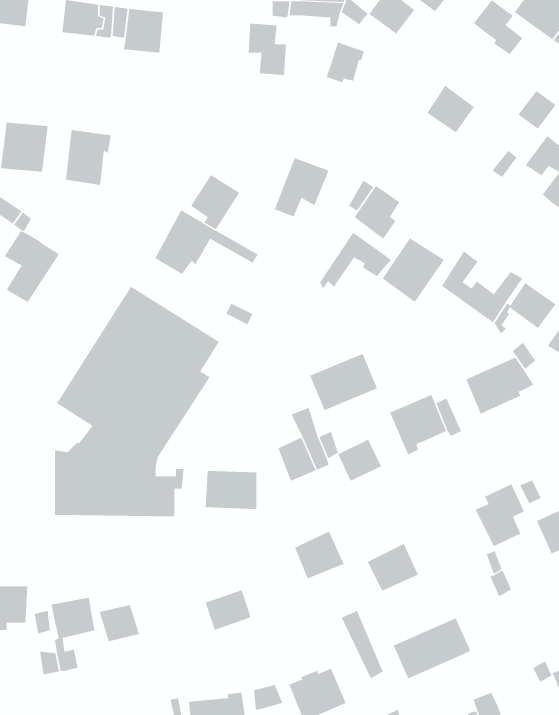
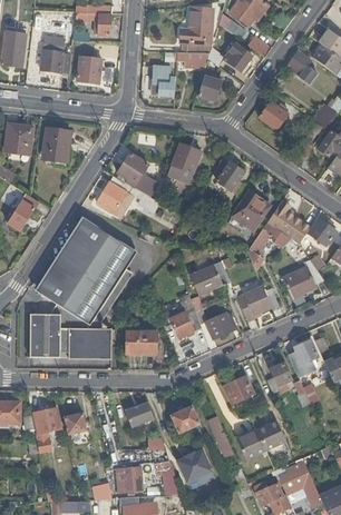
building: [319,232,392,290] -> [247,221,291,256]
building: none -> [266,363,291,393]
building: [294,531,344,579] -> [170,404,201,433]

